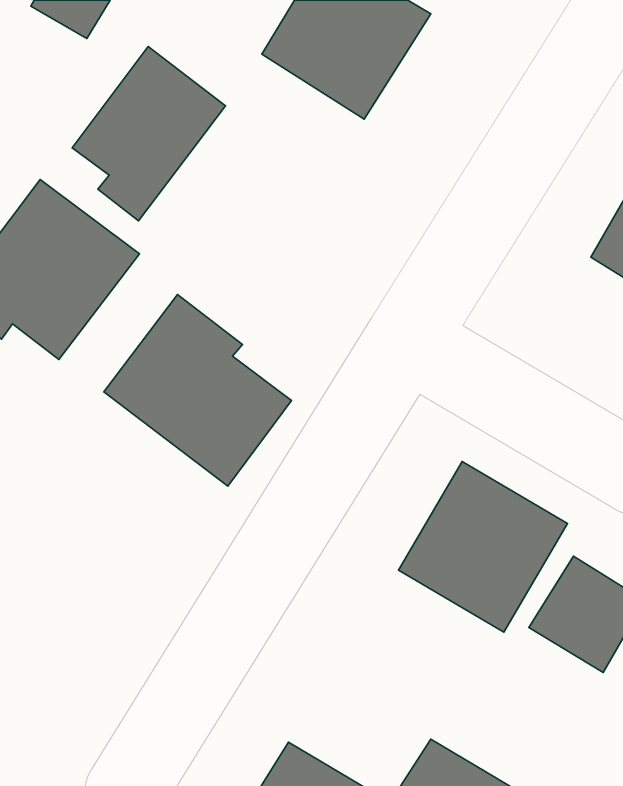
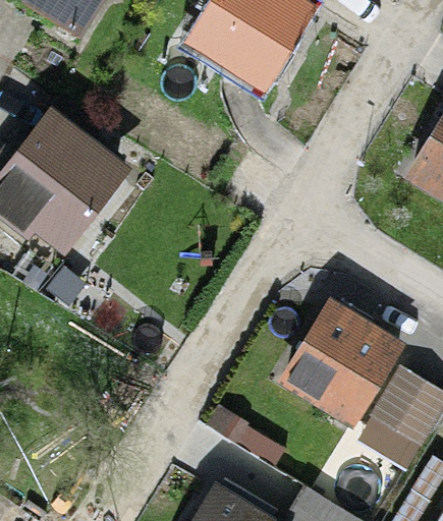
building: [72,47,226,221] -> none
building: [104,294,292,486] -> none

